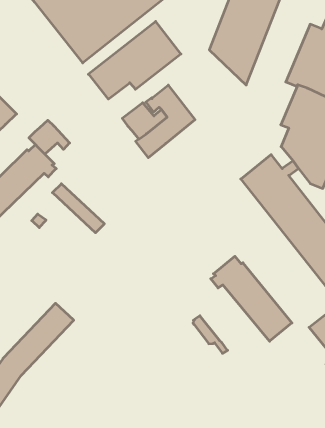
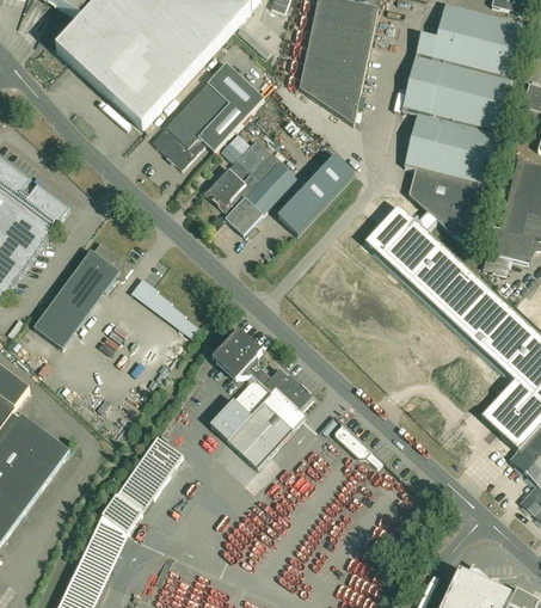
building: none -> [281,153,355,234]
building: [29,120,70,154] -> none
building: none -> [209,331,311,467]
building: [211,256,292,341] -> none

